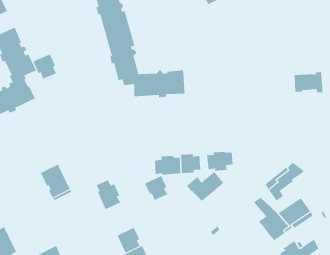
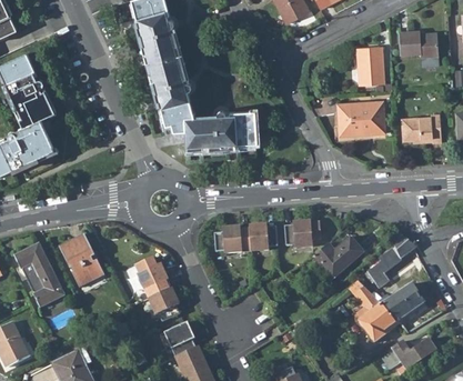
building: none -> [400,30,439,67]
building: none -> [356,46,384,84]
building: [33,53,57,80] -> none
building: none -> [339,100,385,136]
building: none -> [14,243,64,307]
building: [186,171,224,202] -> [313,237,364,278]
building: [144,175,168,201] -> [149,288,181,322]

